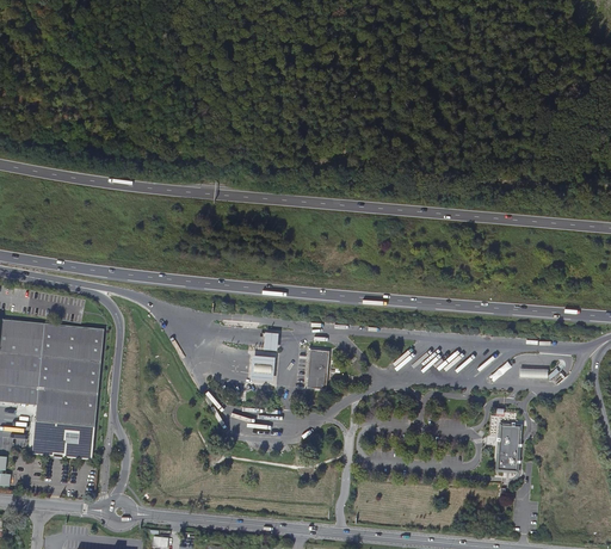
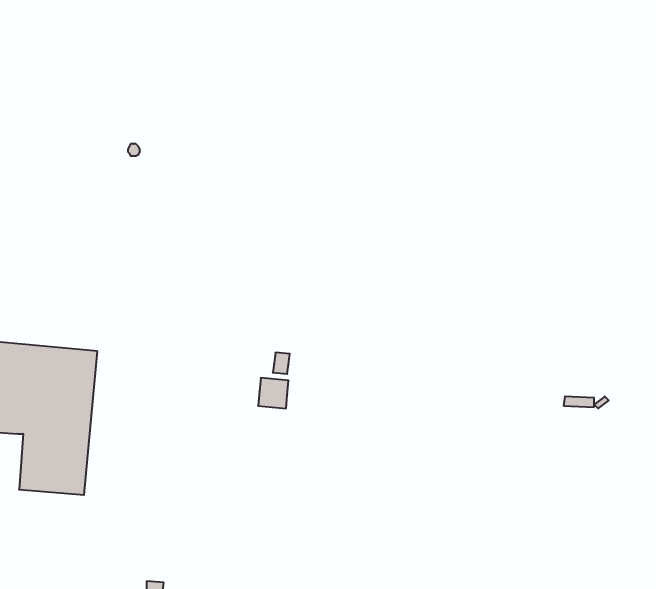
building: [306,348,329,387] -> none
building: [494,427,519,476] -> none

